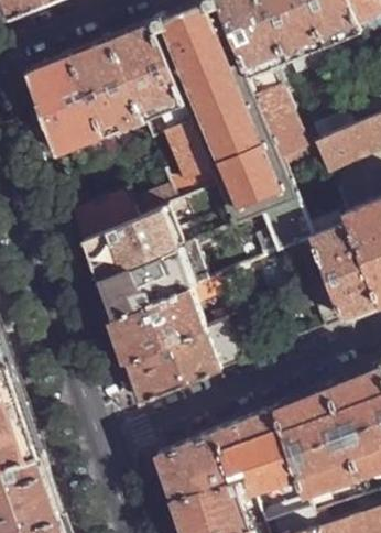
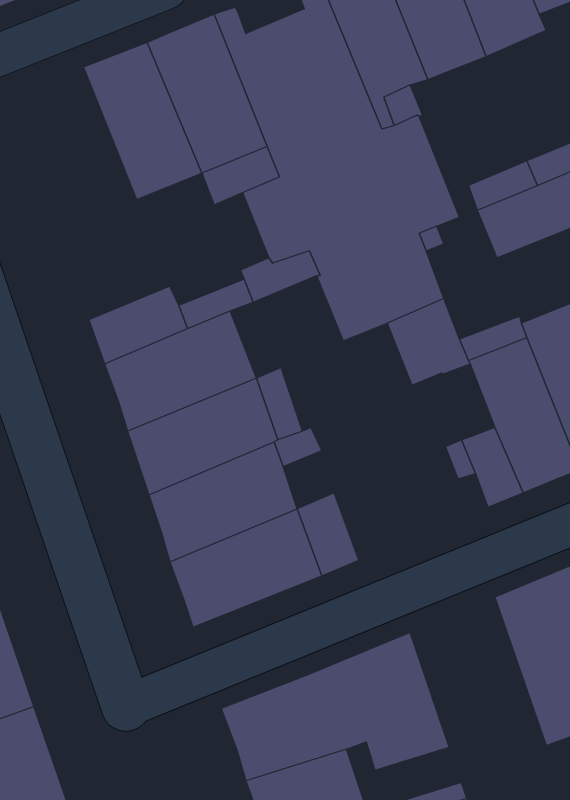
building: [26,55,102,157] -> none
building: [273,385,358,497] -> none

